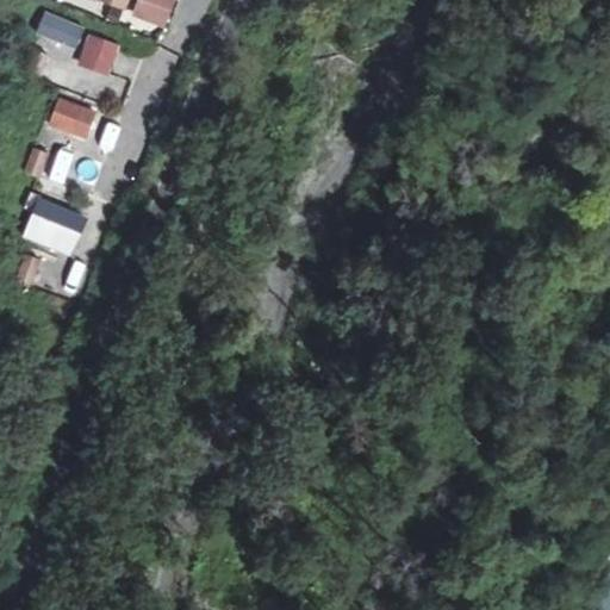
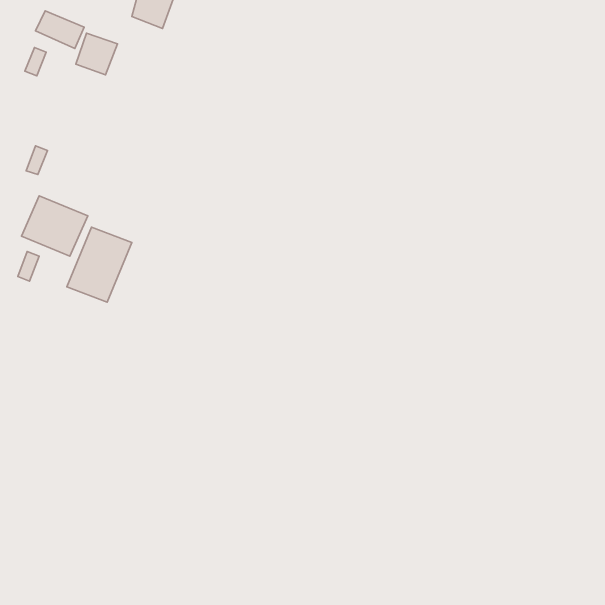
building: [46,98,95,139] -> none
building: none -> [67,227,132,302]

